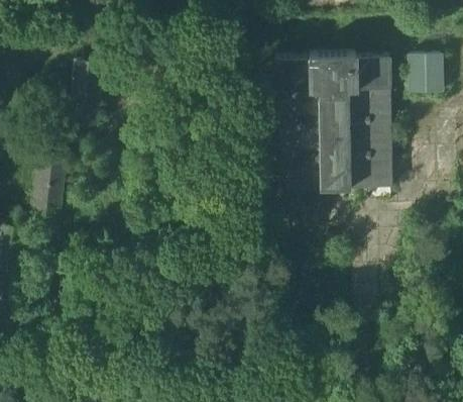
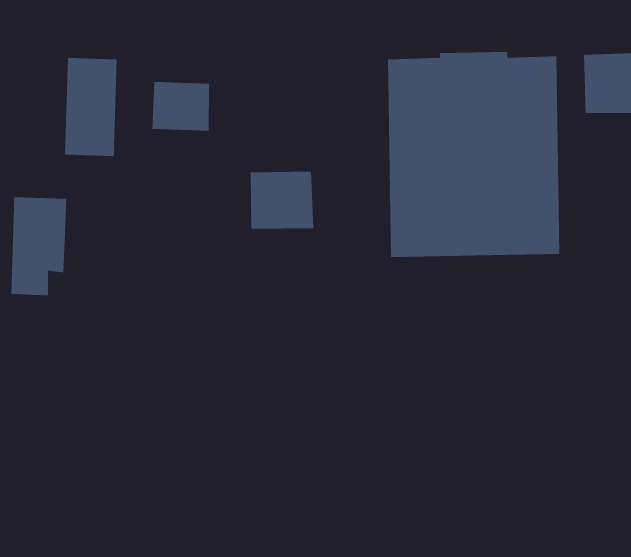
building: none -> [152,81,210,131]
building: none -> [250,171,314,230]

